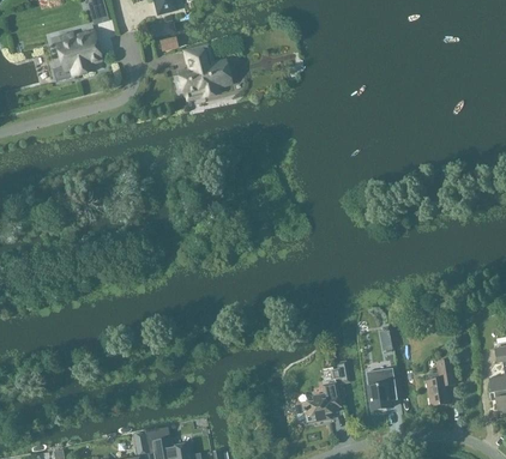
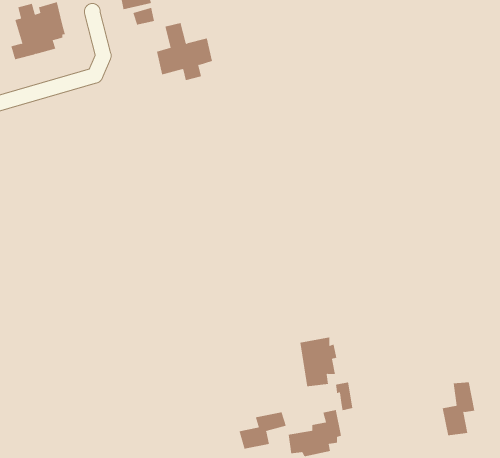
building: [366,366,398,409] -> [300,337,337,387]
building: none -> [239,411,287,450]

